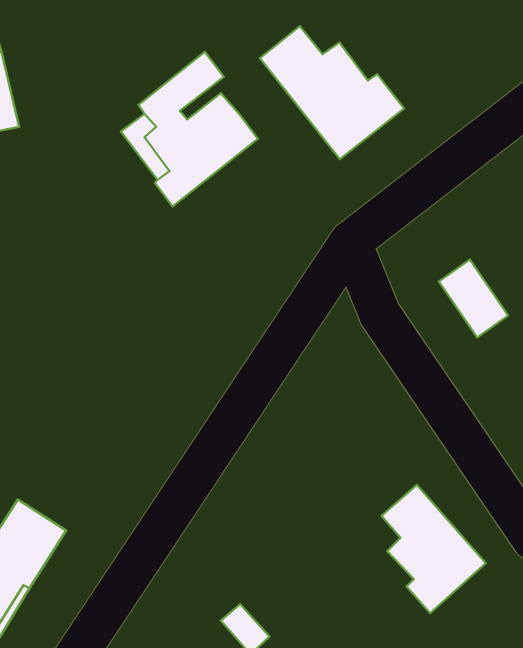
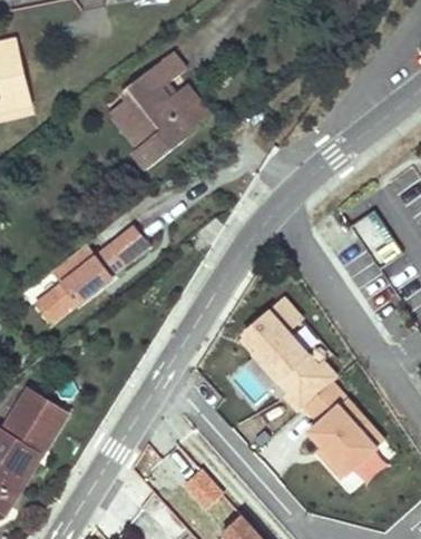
building: [260,26,404,159] -> none
building: none -> [35,225,148,323]
building: none -> [239,296,337,410]

